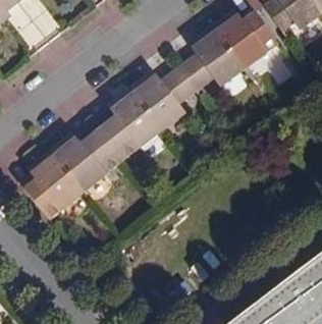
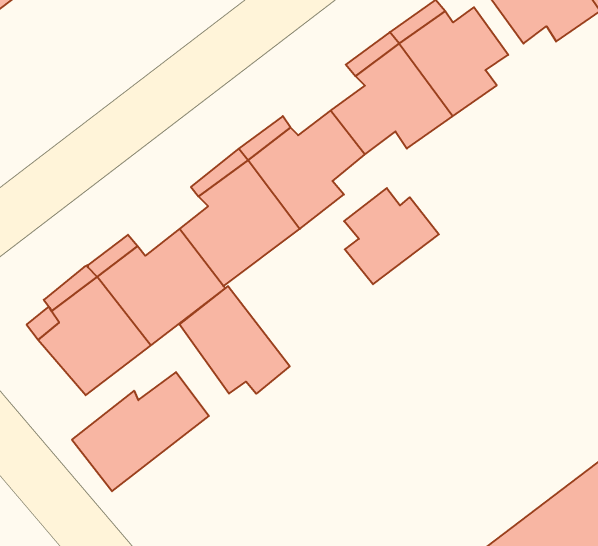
building: none -> [344,188,439,284]
building: none -> [179,286,290,394]
building: none -> [72,372,209,491]

